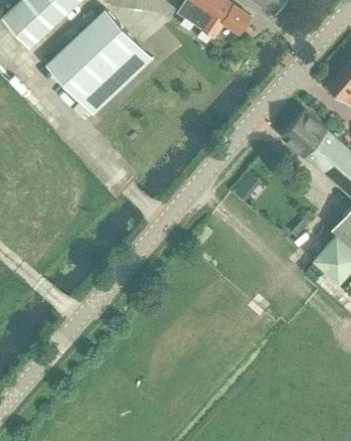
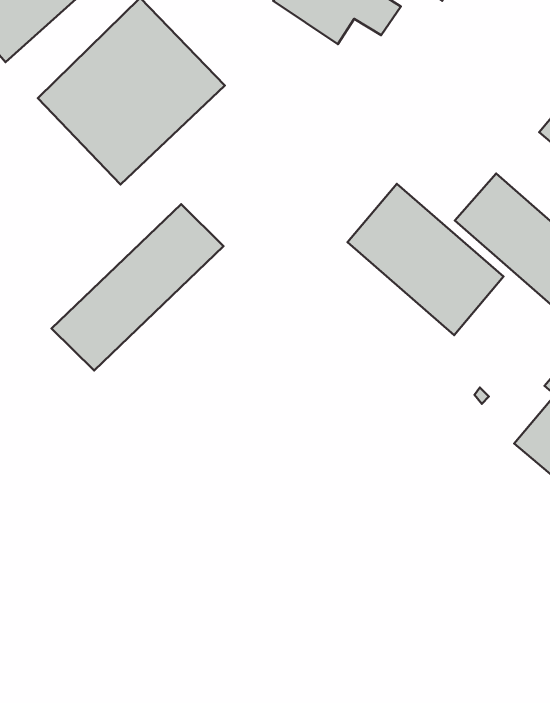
building: none -> [347,184,503,335]
building: none -> [52,204,224,371]

